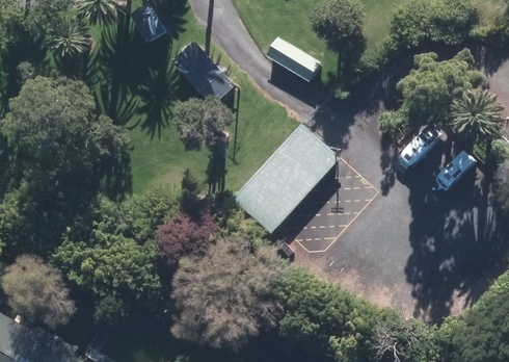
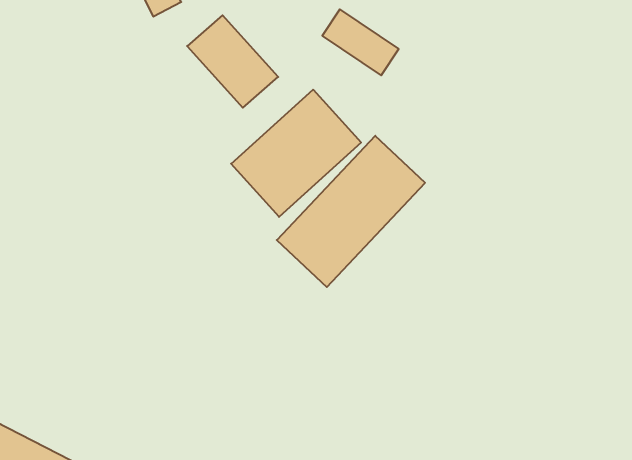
building: none -> [231,90,361,217]

